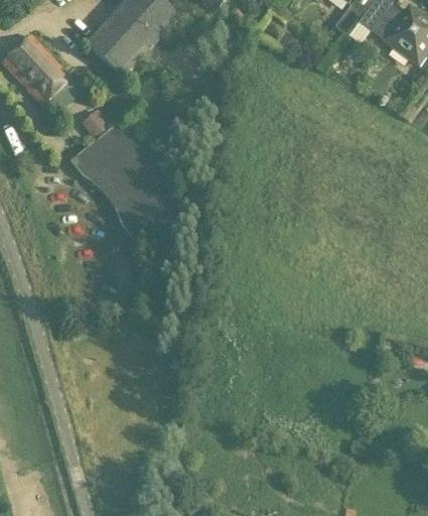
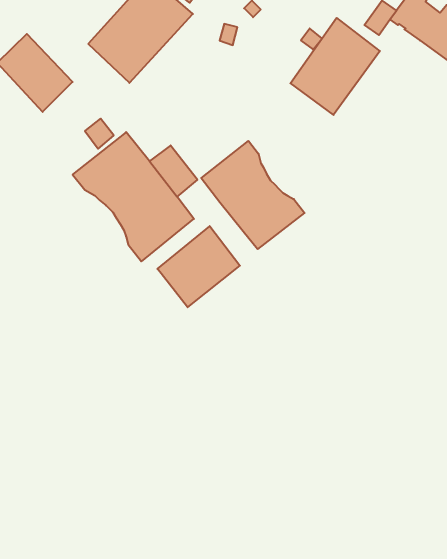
building: none -> [290,18,380,115]
building: none -> [201,141,305,249]
building: none -> [157,226,240,307]

